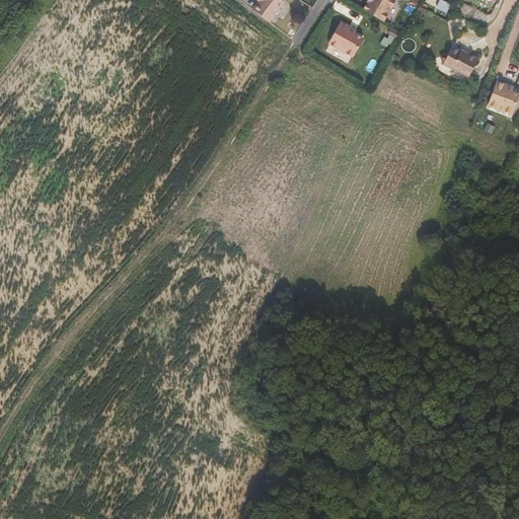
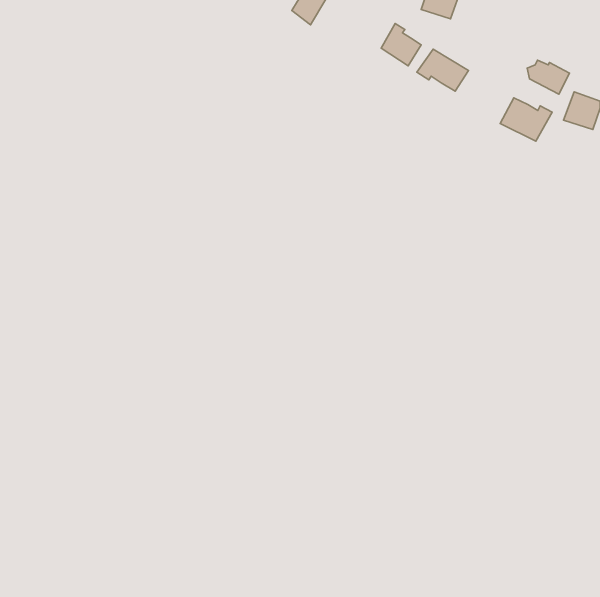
building: none -> [417,49,468,91]
building: none -> [500,98,552,141]

